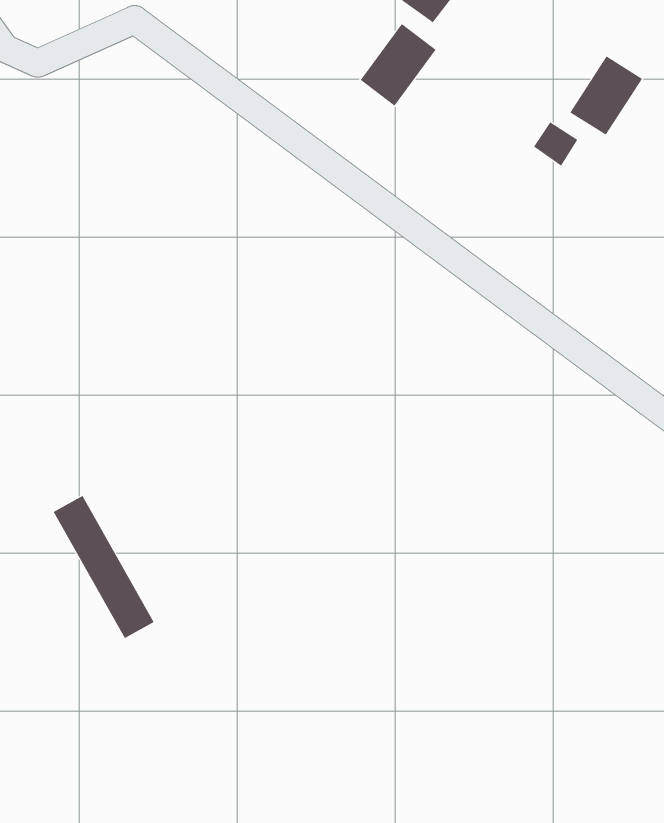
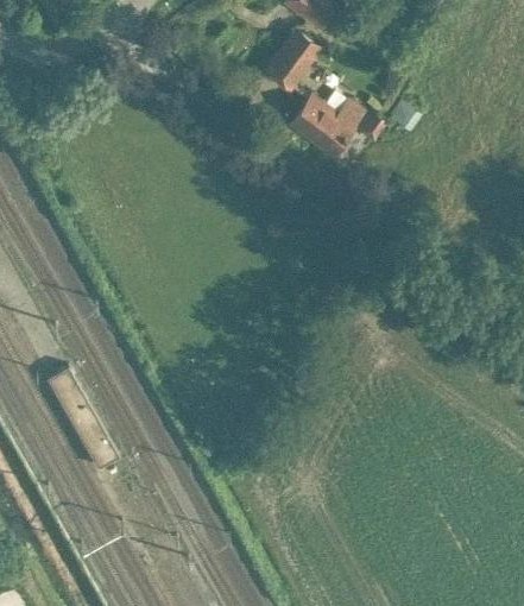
building: [569,56,643,136] -> none
building: none -> [290,91,366,157]

